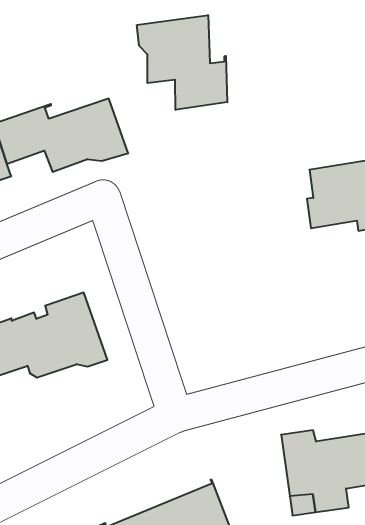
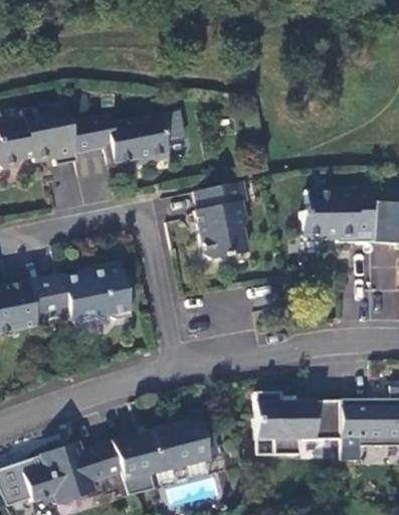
building: [137,15,227,110] -> none
building: none -> [193,181,247,261]

